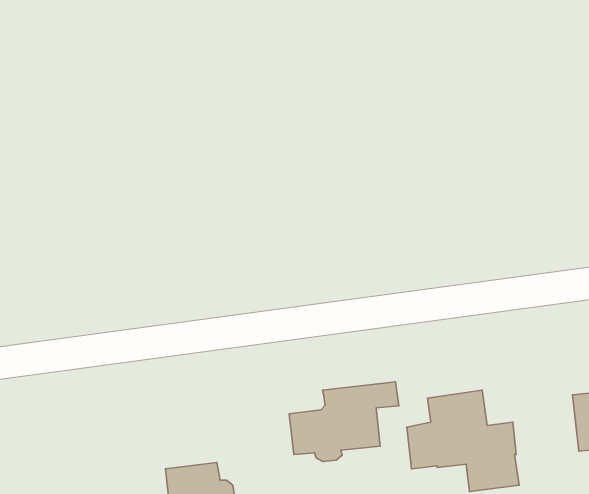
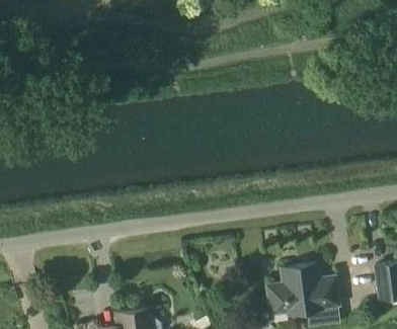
building: [289,382,399,462] -> none

